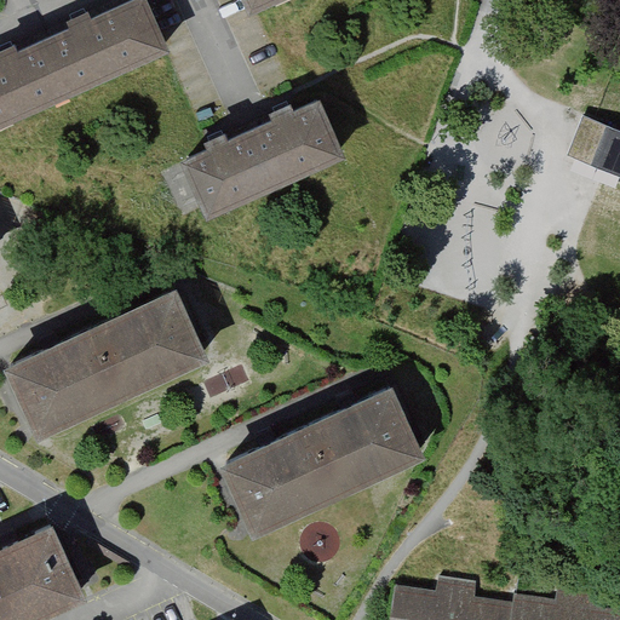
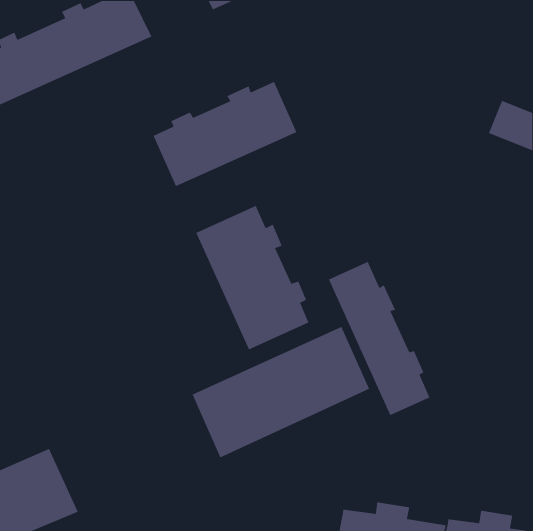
building: none -> [195,205,309,350]
building: [5,287,212,438] -> none
building: none -> [328,261,430,416]

